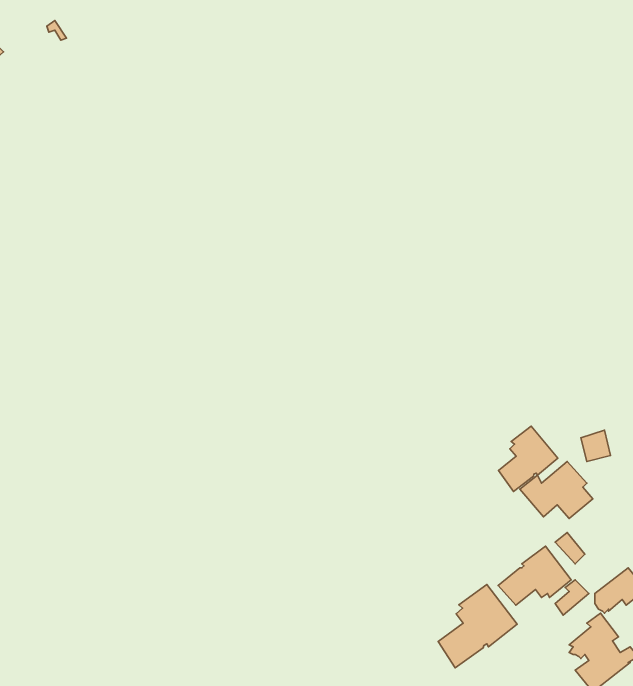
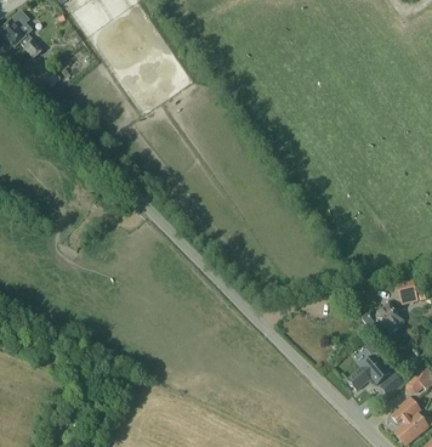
building: [498,426,558,492] -> none
building: [438,585,517,668] -> none

